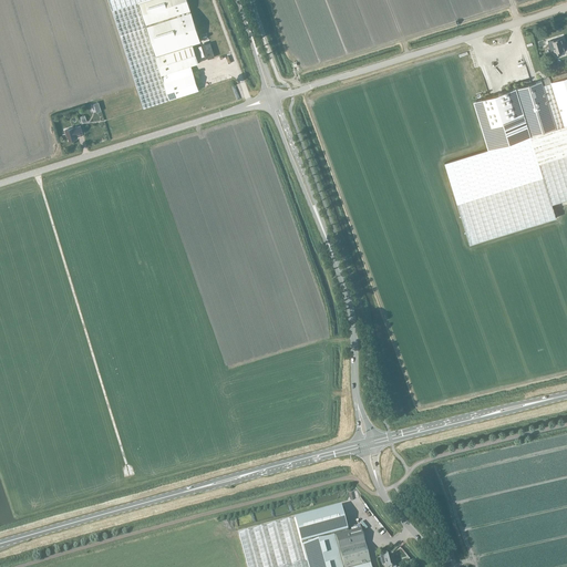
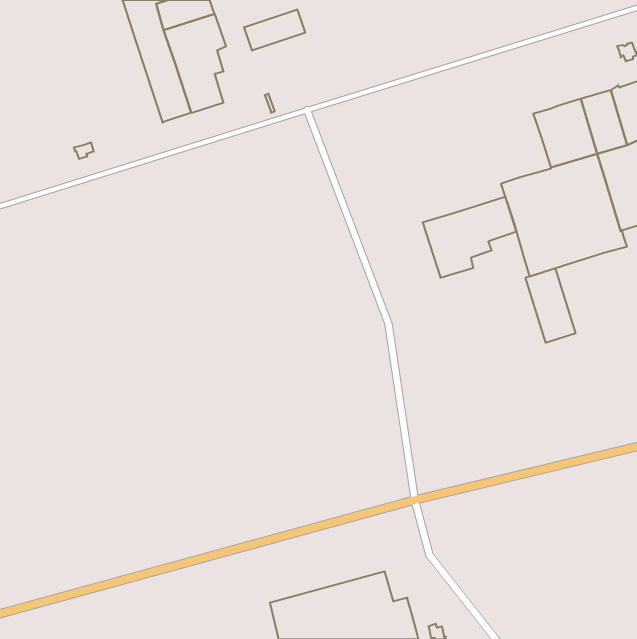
building: none -> [244,9,305,51]
building: none -> [423,197,516,278]
building: none -> [526,268,575,343]

